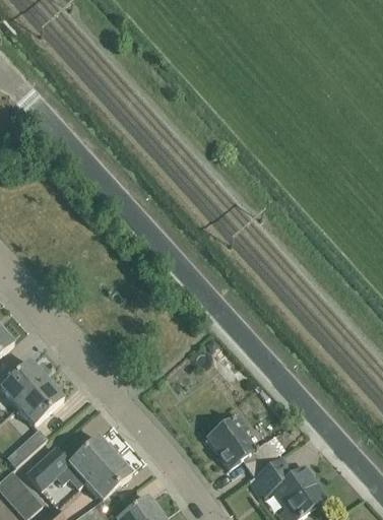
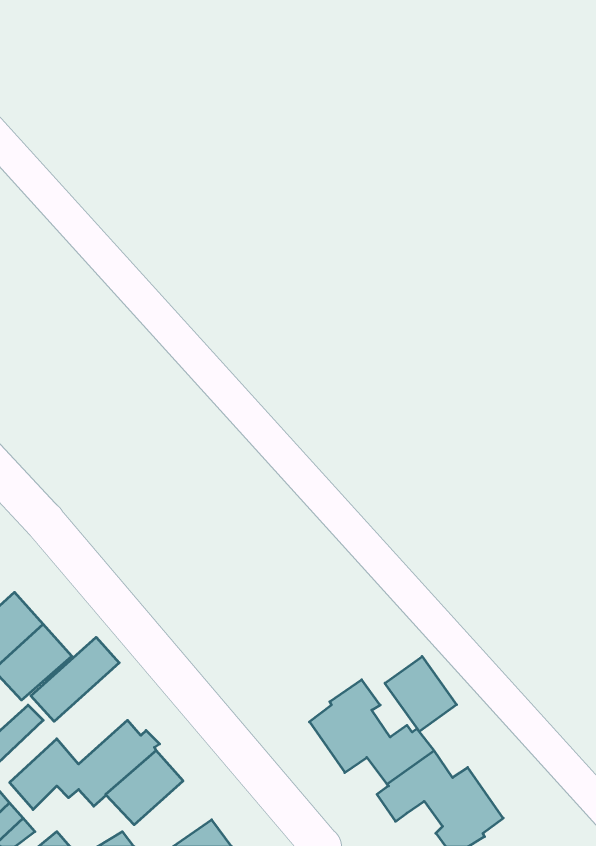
building: none -> [31,637,119,721]
building: none -> [385,656,457,731]

